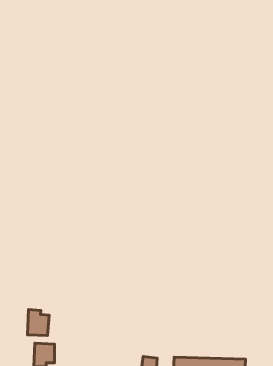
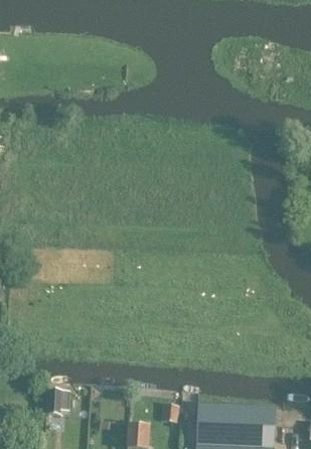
building: [28,310,49,335] -> none

